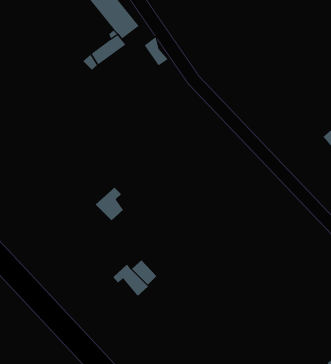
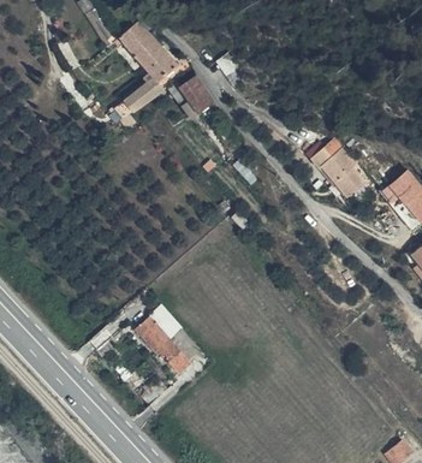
building: none -> [311,150,367,200]
building: [95,187,124,221] -> [129,309,162,349]

